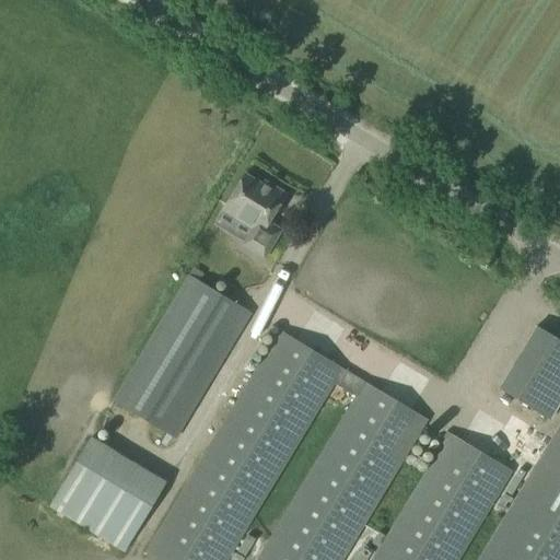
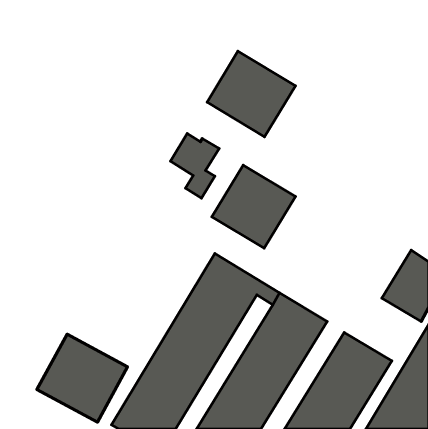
building: none -> [207,51,295,137]
building: none -> [212,165,295,248]
building: [112,275,250,441] -> none

